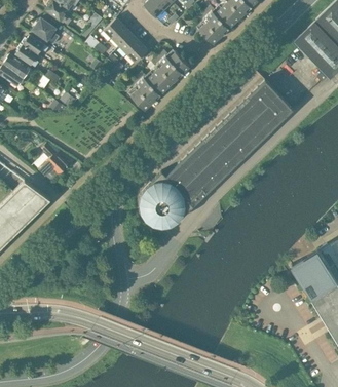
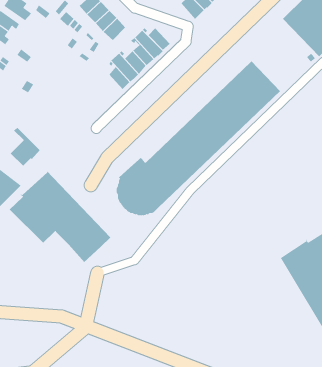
building: none -> [9,170,111,263]

